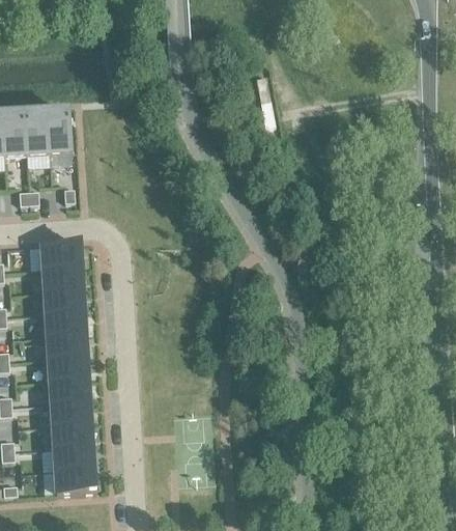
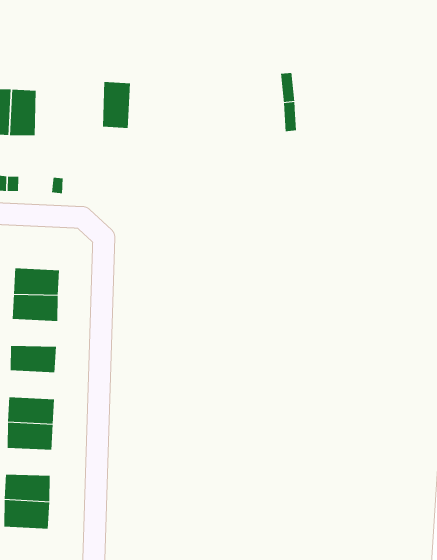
building: [45,113,70,153] -> [102,81,131,128]
building: [39,244,81,270] -> none
building: [44,312,85,337] -> none
building: [47,357,88,382] -> none
building: [51,424,91,449] -> none

